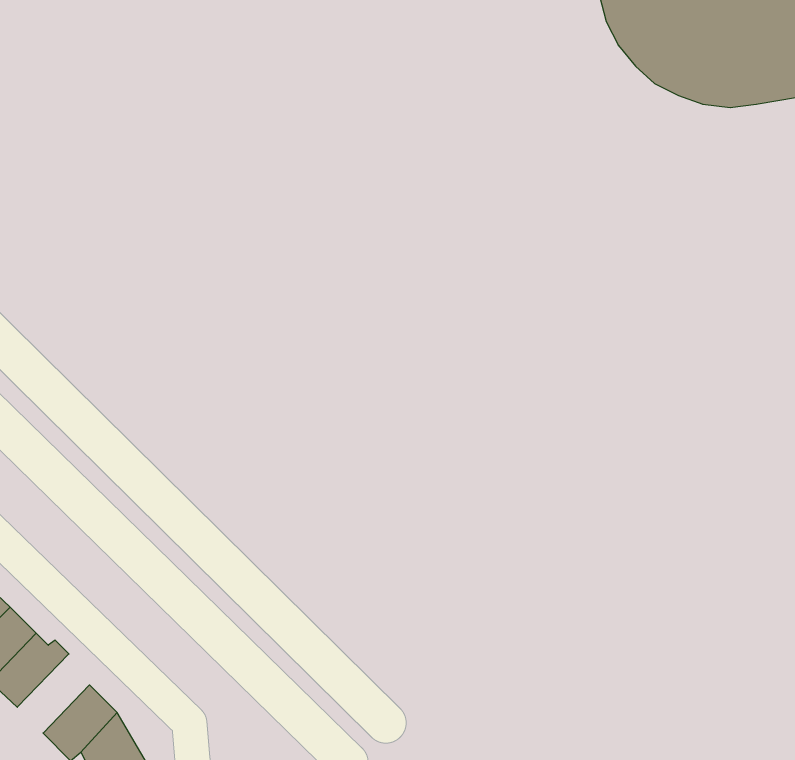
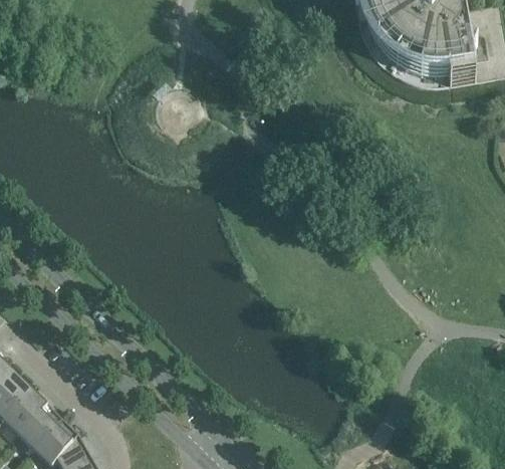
building: none -> [19,405,61,451]

